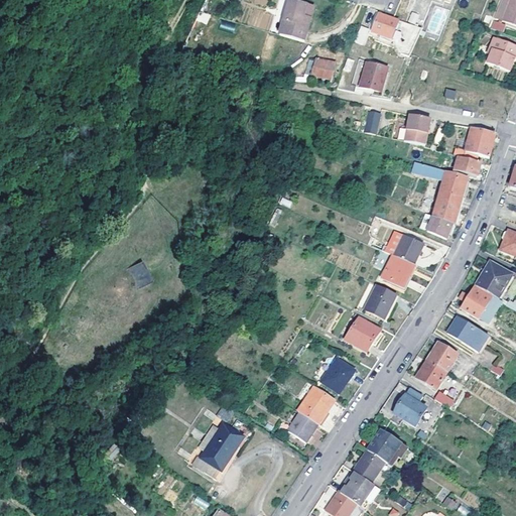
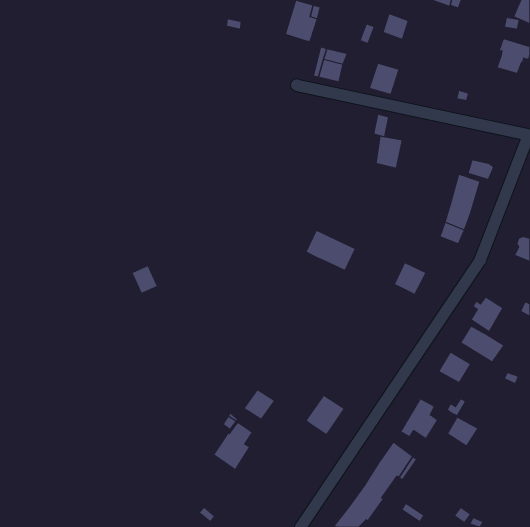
building: [404,114,430,145] -> [376,136,403,168]
building: [453,126,495,159] -> none
building: [376,226,424,265] -> [306,230,355,271]
building: [476,261,510,298] -> none
building: [365,285,396,318] -> none
building: [346,316,380,351] -> none
building: [321,358,354,392] -> none
building: [416,360,446,389] -> [447,416,478,446]
building: [287,411,317,440] -> [244,390,275,420]
building: [194,441,229,477] -> none

